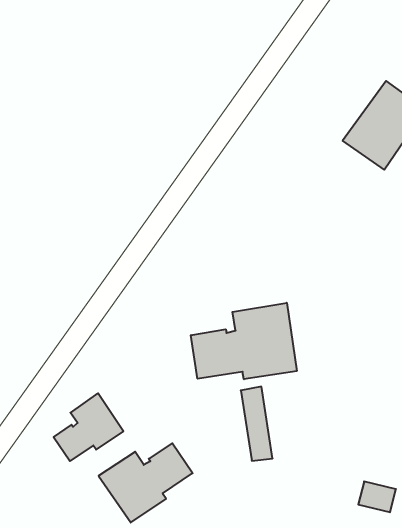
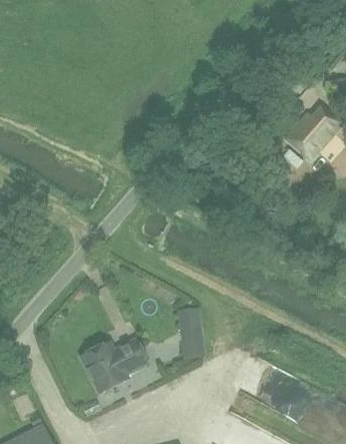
building: [191,303,297,379] -> none
building: [54,393,123,461] -> none

